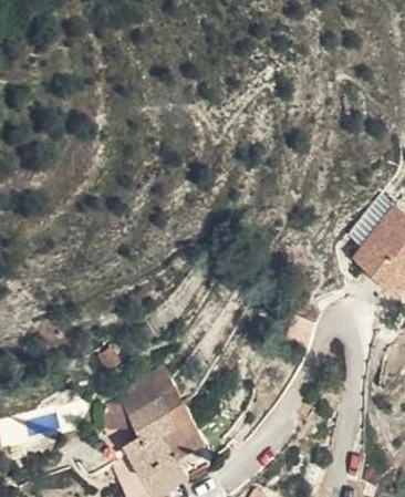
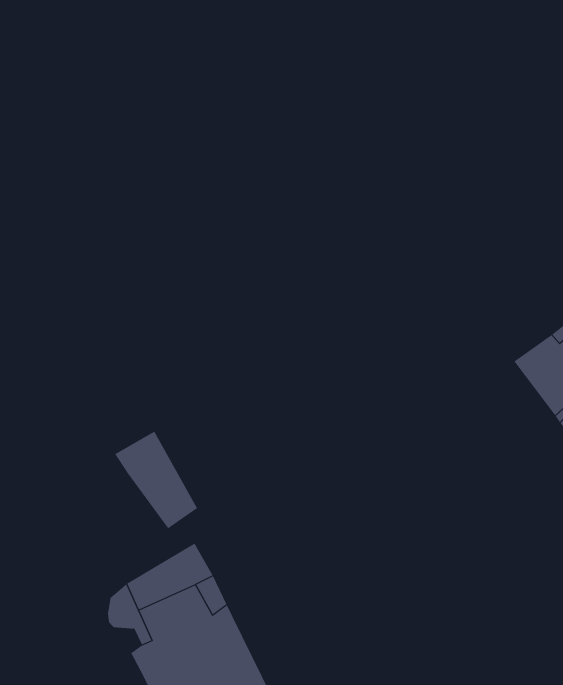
building: none -> [115,431,198,529]

